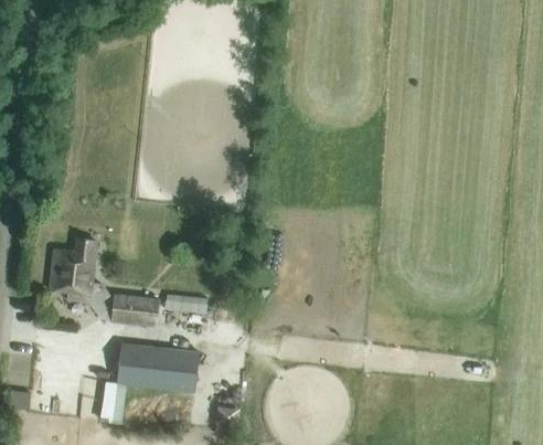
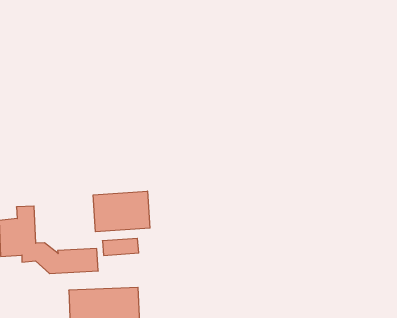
building: none -> [93,191,150,232]

